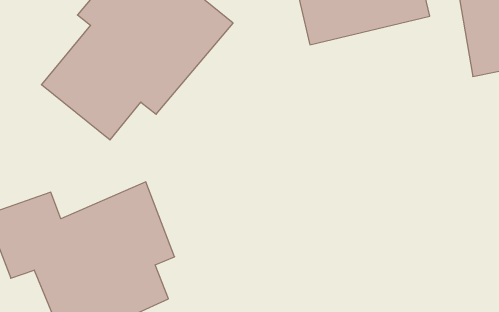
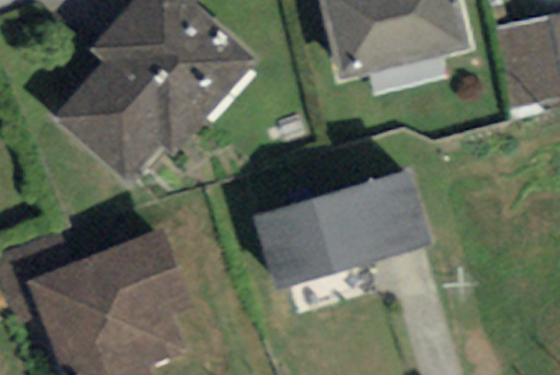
building: none -> [254,166,431,291]

